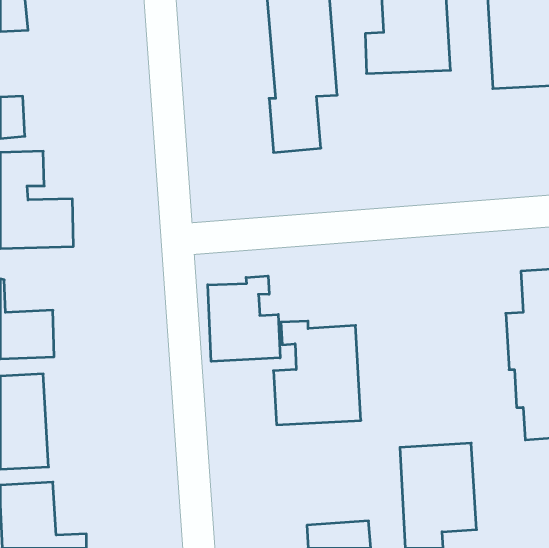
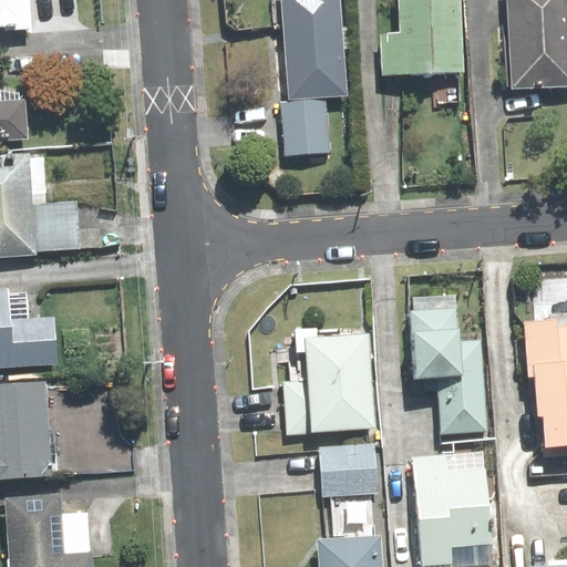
building: [208,276,280,361] -> none
building: none -> [405,295,488,435]
building: none -> [317,442,380,496]

